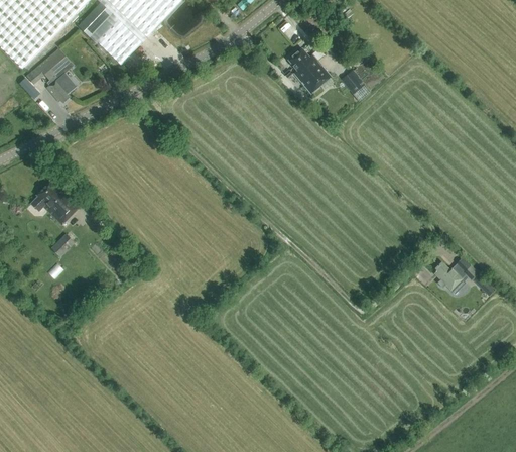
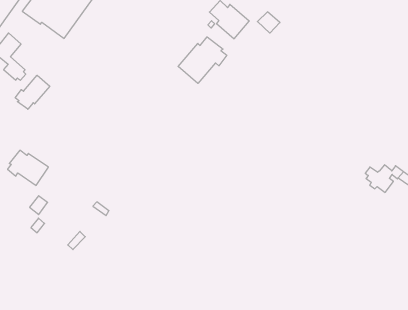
building: none -> [178,37,227,83]
building: none -> [15,75,50,109]

